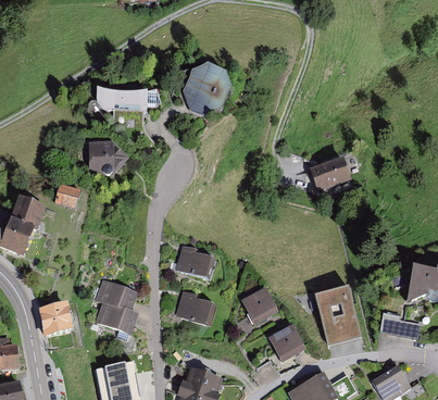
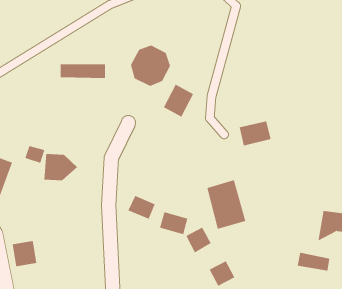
building: none -> [163,84,194,117]
building: [86,142,127,175] -> [44,154,78,181]
building: [99,280,138,326] -> none
building: [312,280,360,340] -> [206,180,246,229]
building: [180,290,215,318] -> [159,211,188,235]

